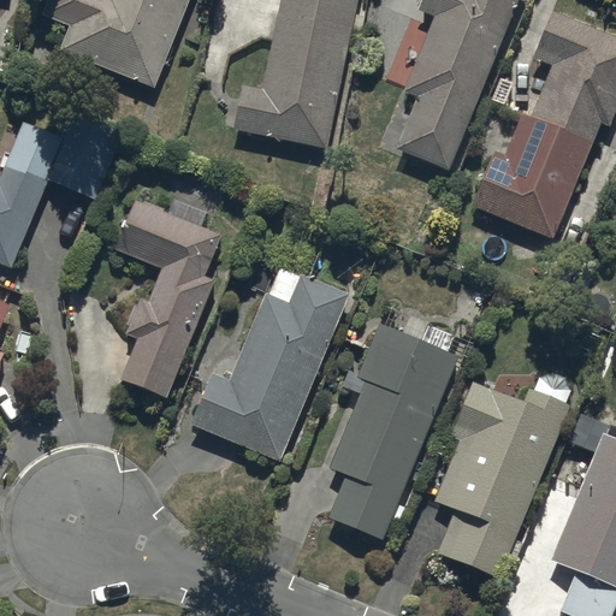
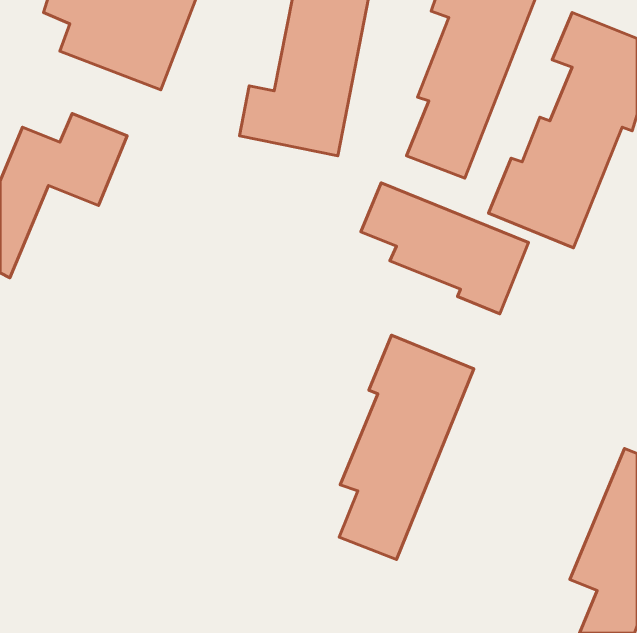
building: none -> [361,183,528,314]
building: [113,200,220,398] -> none
building: [191,274,349,461] -> none
building: [434,373,569,578] -> none

